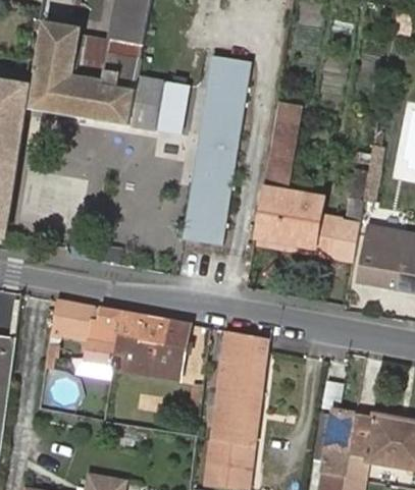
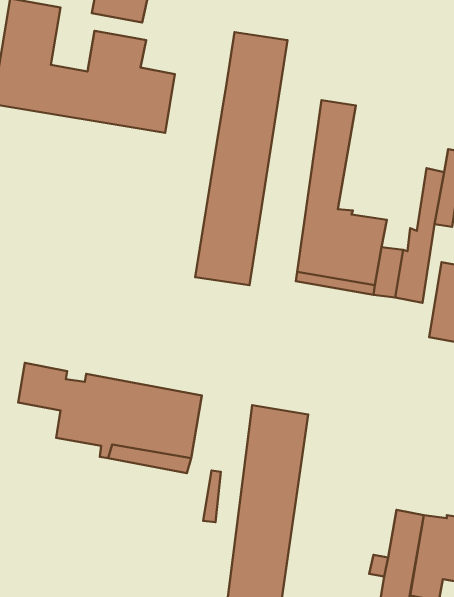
building: [74,35,143,83] -> none
building: [160,85,206,135] -> none

